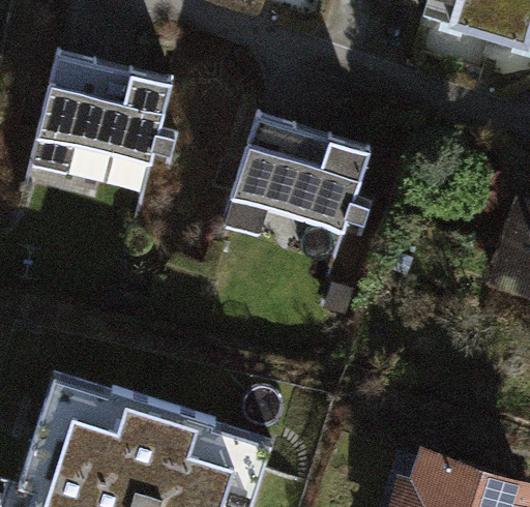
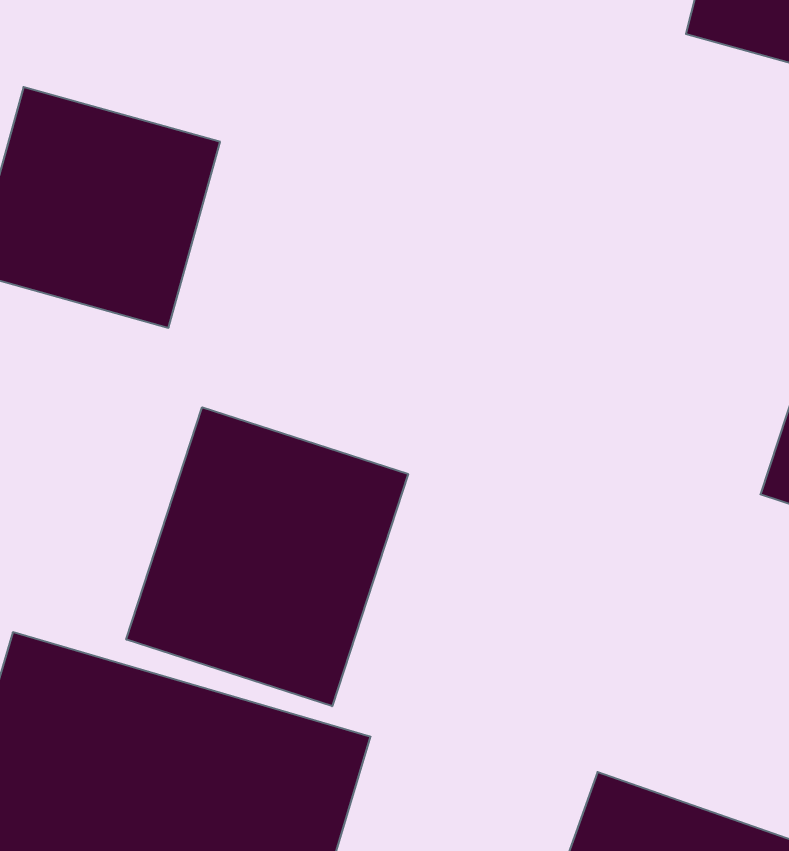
building: [231,126,372,251] -> none
building: none -> [126,407,408,706]

